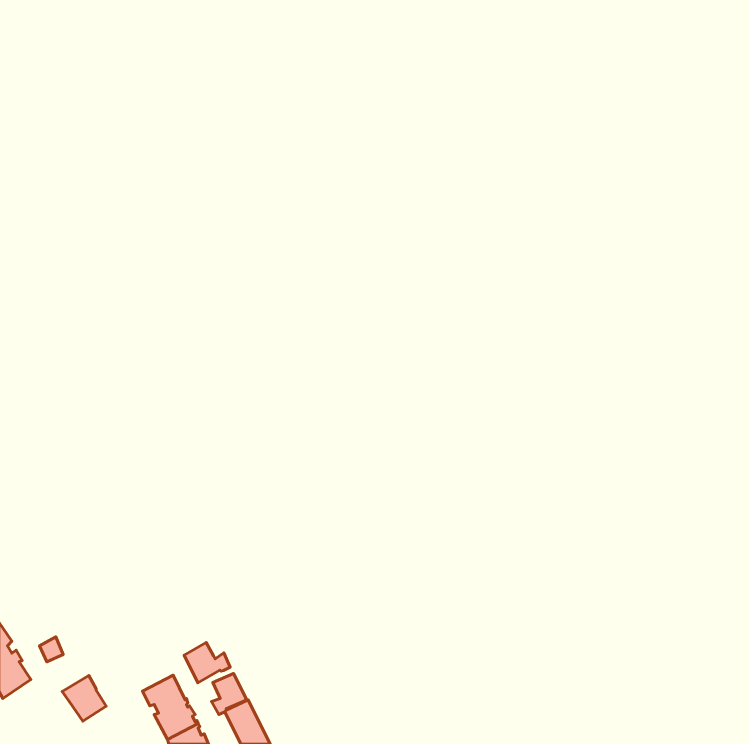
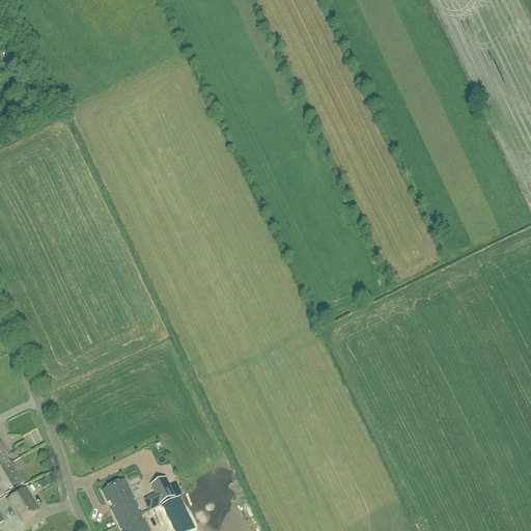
building: [184,642,230,683] -> none
building: [62,676,106,721] -> [6,486,37,519]

